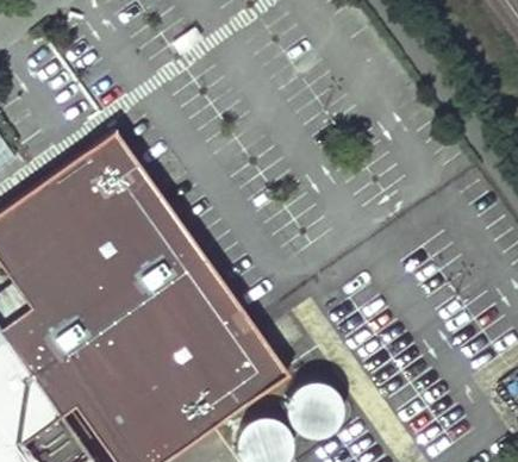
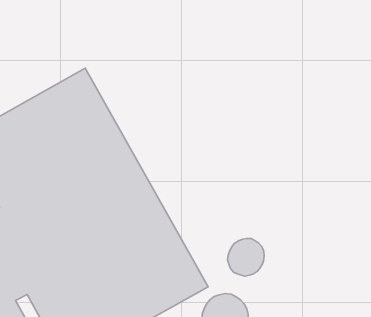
building: none -> [228,238,264,276]

